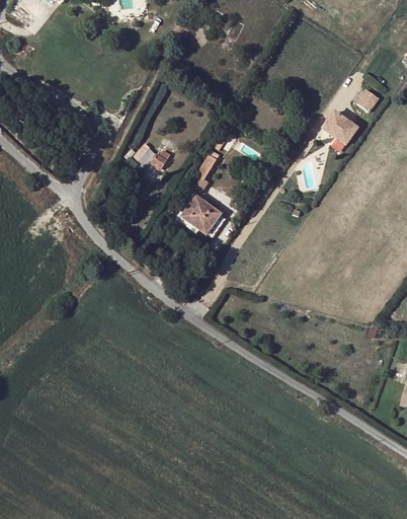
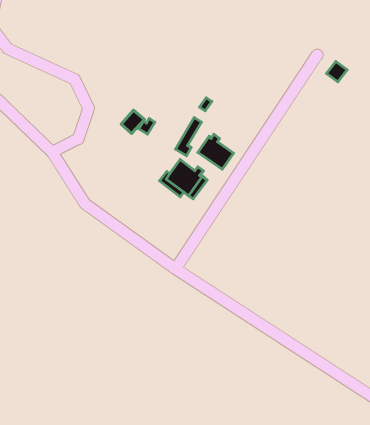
building: [323,112,357,144] -> none
building: none -> [198,134,234,169]

